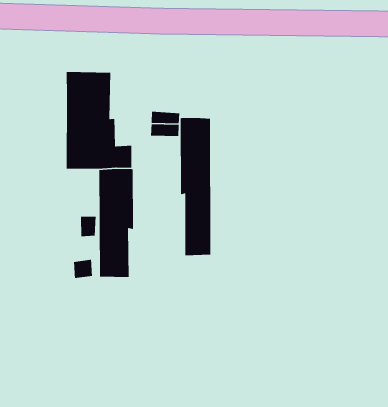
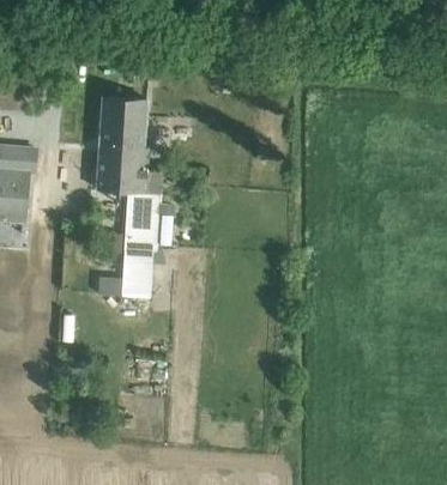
building: [180,117,211,256] -> none

